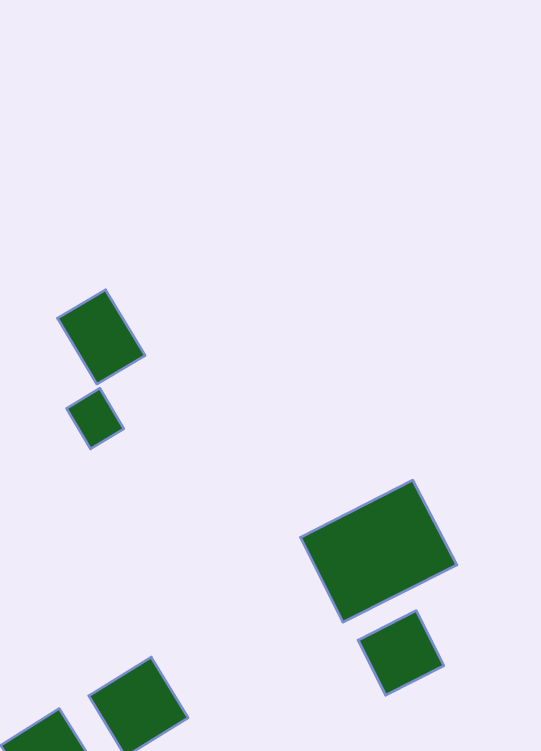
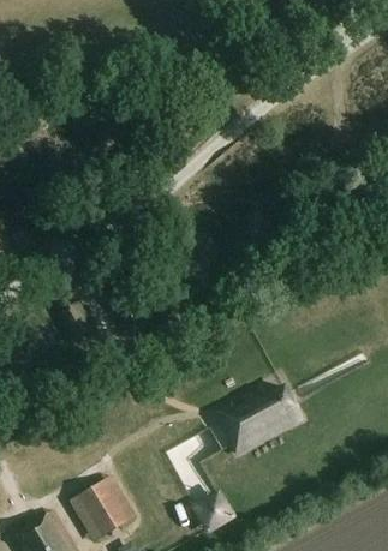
building: [57,290,145,384] -> none
building: [358,611,444,695] -> none

